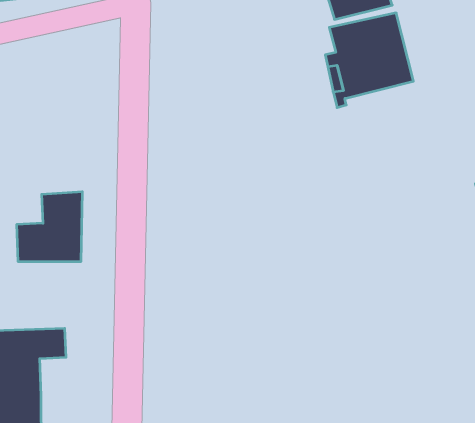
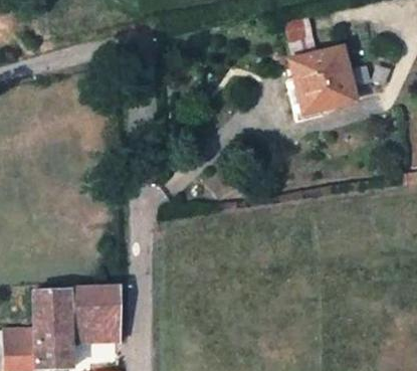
building: [17,192,82,261] -> [71,287,122,340]

